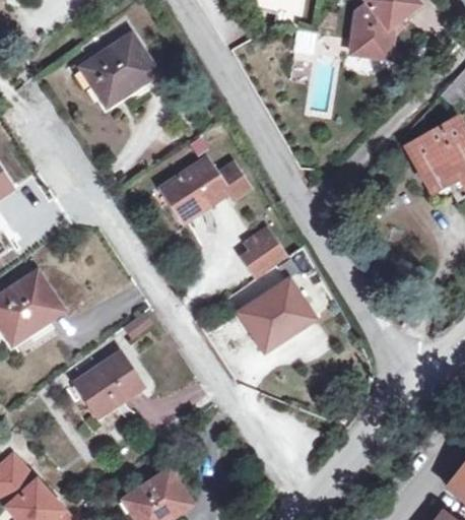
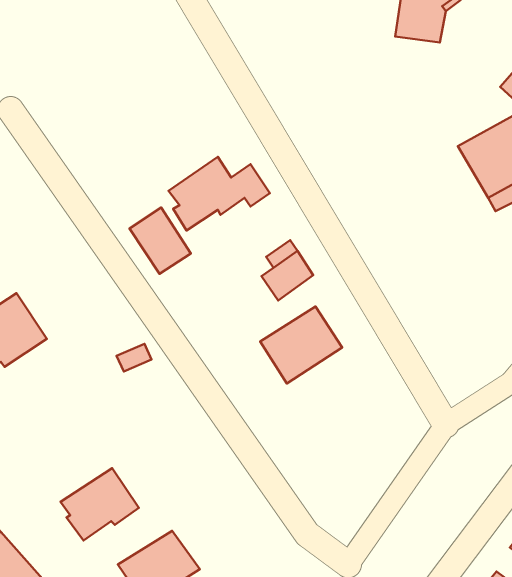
building: [82,35,152,102] -> none
building: none -> [129,207,191,274]
building: [75,351,141,412] -> [60,468,139,540]

